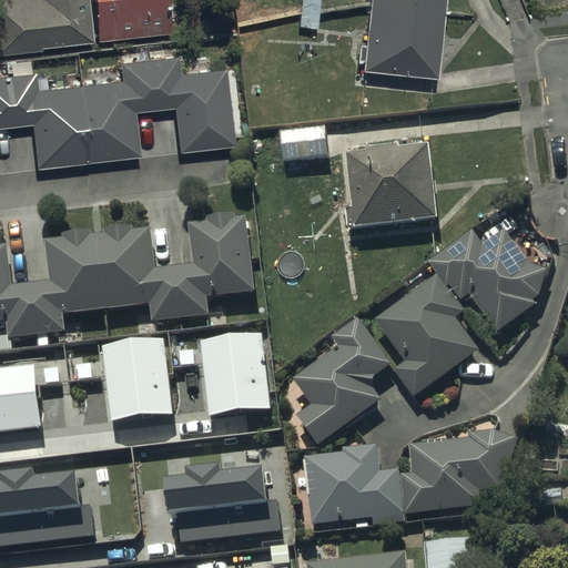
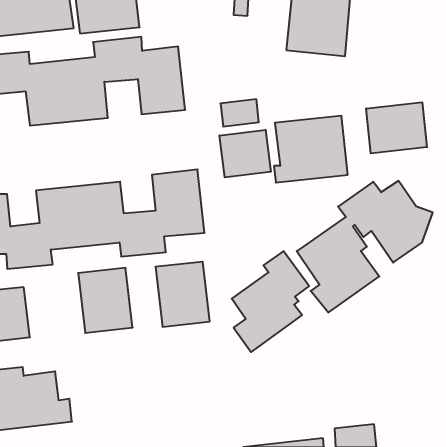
building: none -> [366,102,427,153]
building: none -> [219,130,271,177]
building: [303,430,517,524] -> none
building: [159,460,277,541] -> none

